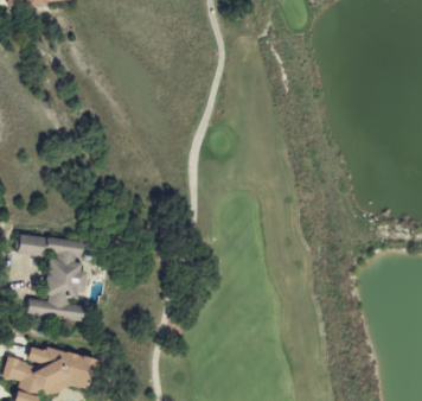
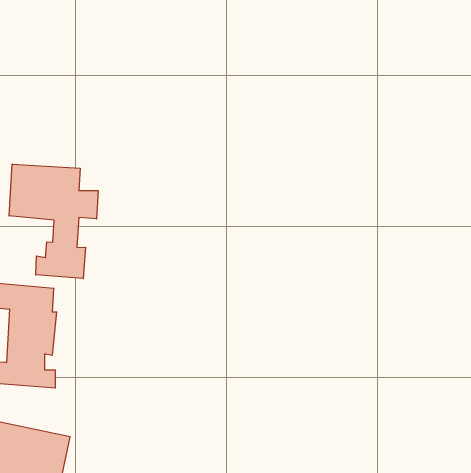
building: none -> [9,164,98,279]

